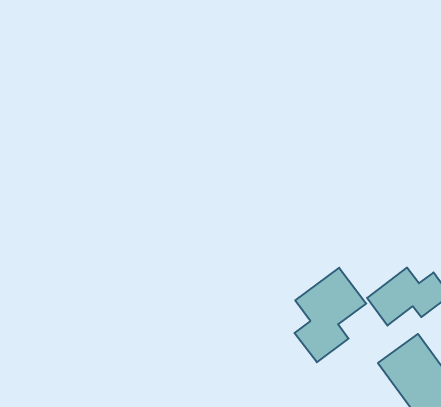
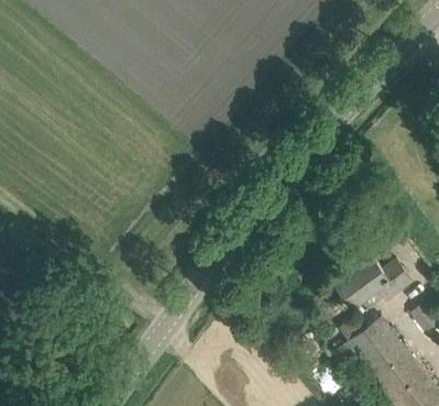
building: [294,268,366,362] -> none

